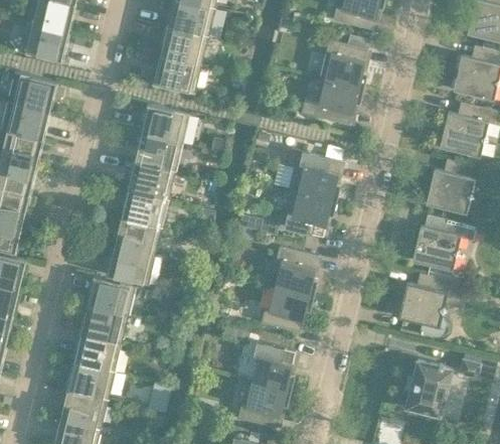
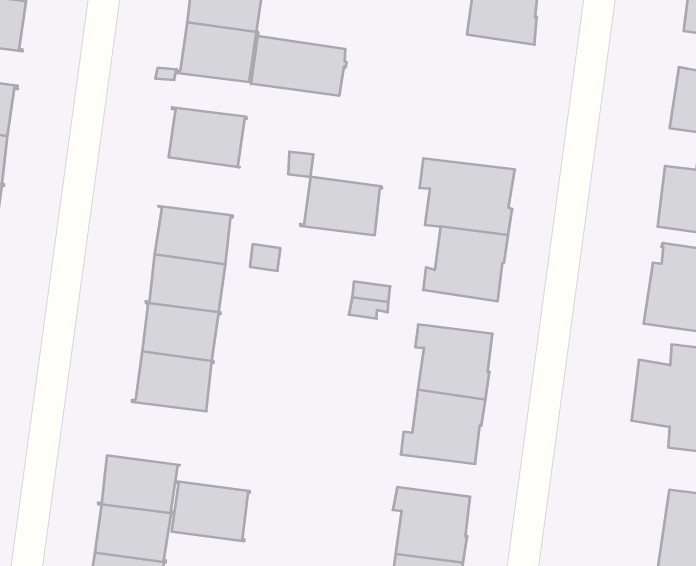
building: none -> [251,36,346,96]
building: [300,80,363,127] -> none
building: [132,134,182,172] -> [300,177,382,235]
building: [87,277,135,316] -> [172,481,250,541]

